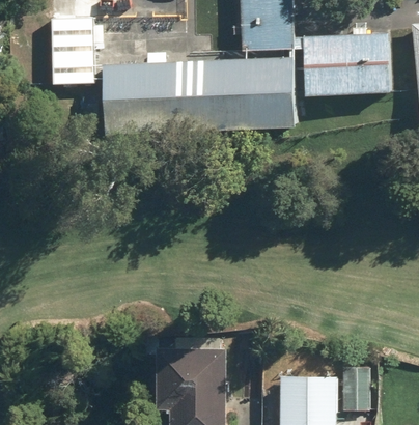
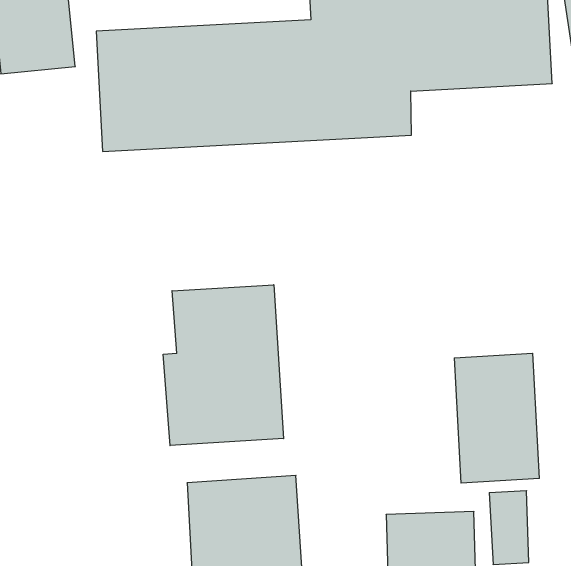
building: none -> [163,285,284,446]
building: none -> [454,353,539,483]

